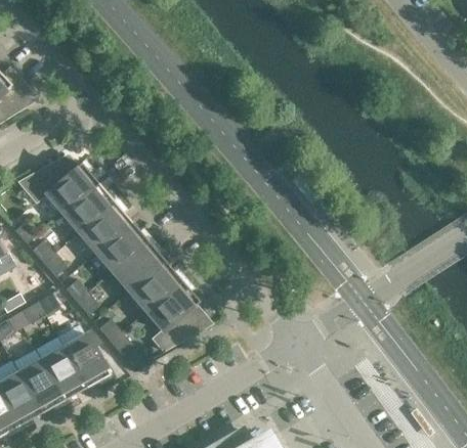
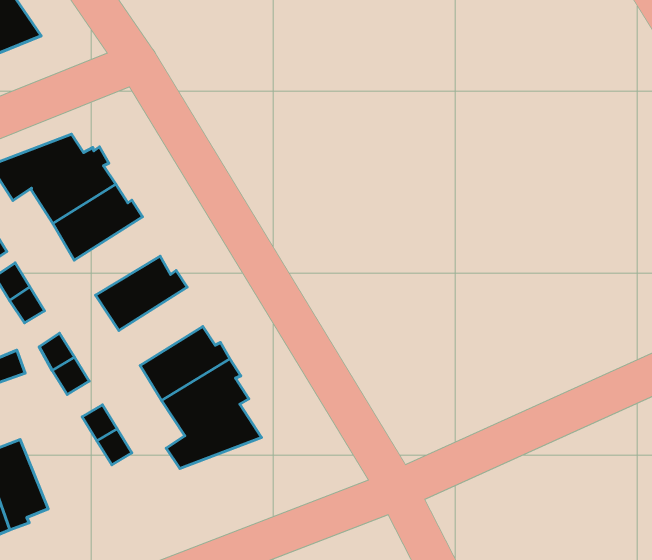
building: [79,200,131,253] -> none
building: [113,239,164,292] -> none
building: [62,334,113,388] -> none

